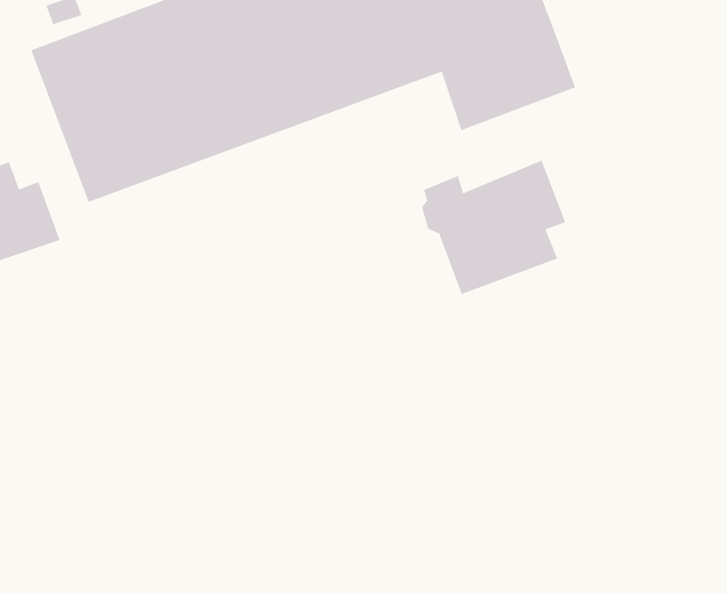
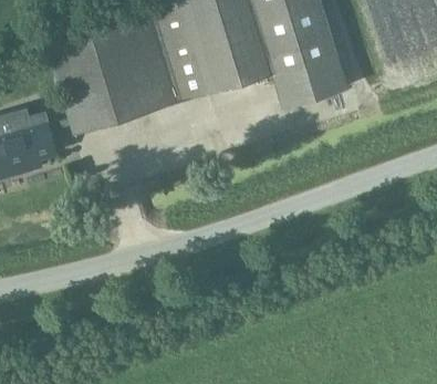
building: [422,160,566,295] -> none

